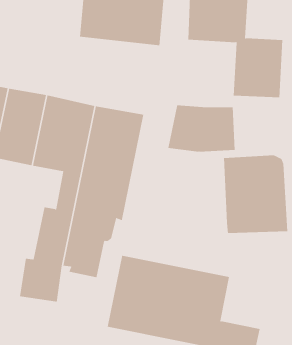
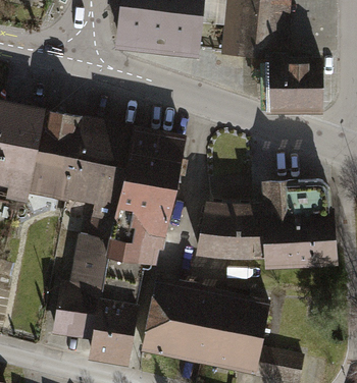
building: [167,105,235,152] -> [197,204,267,253]
building: none -> [89,295,136,357]

